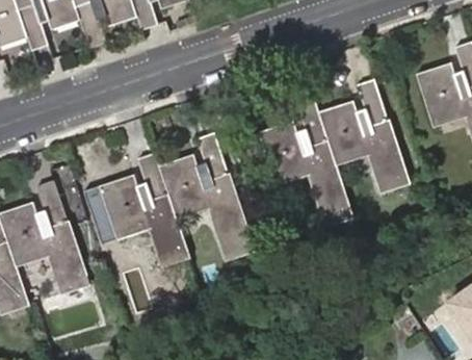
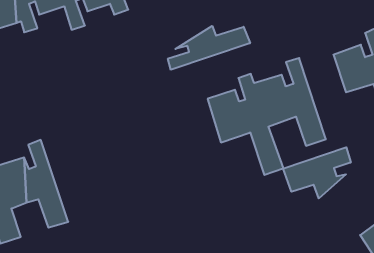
building: none -> [168,26,250,70]
building: [84,134,253,264] -> none
building: none -> [283,147,351,198]

